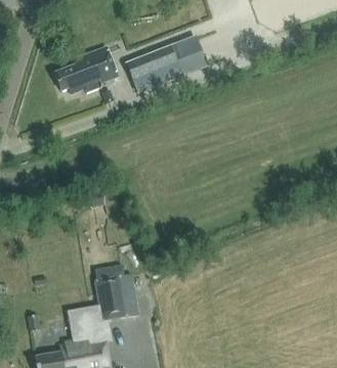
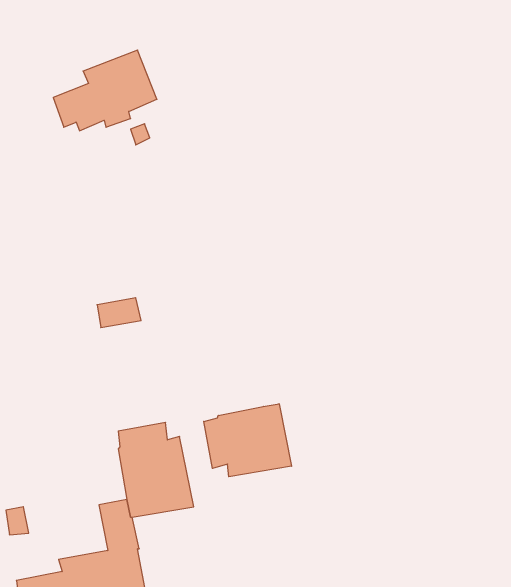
building: [126,36,205,91] -> none
building: none -> [204,404,292,477]

